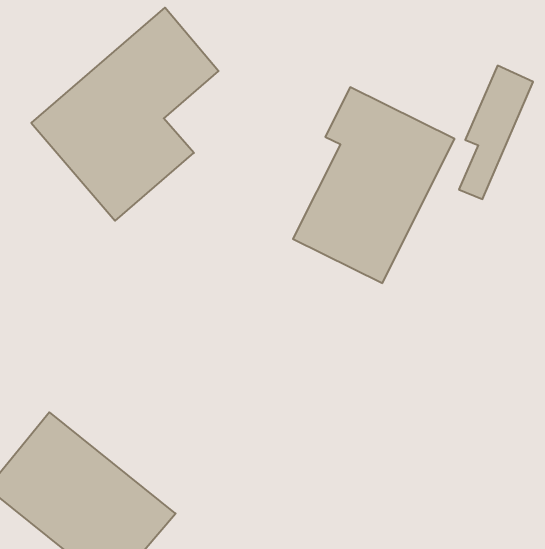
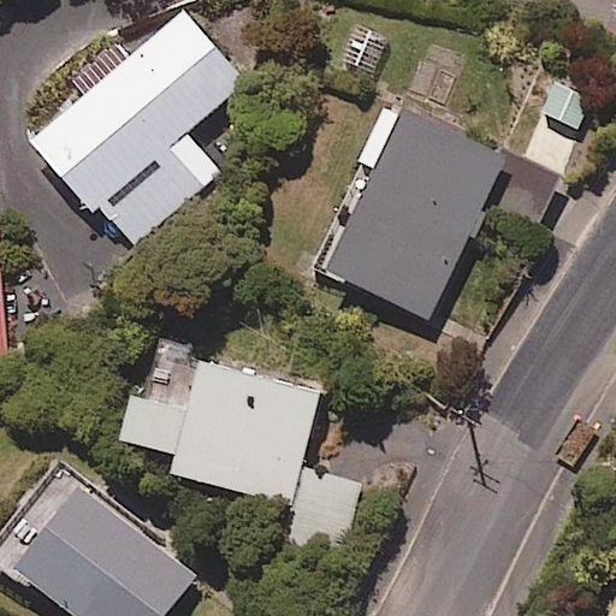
building: none -> [118,360,356,517]

